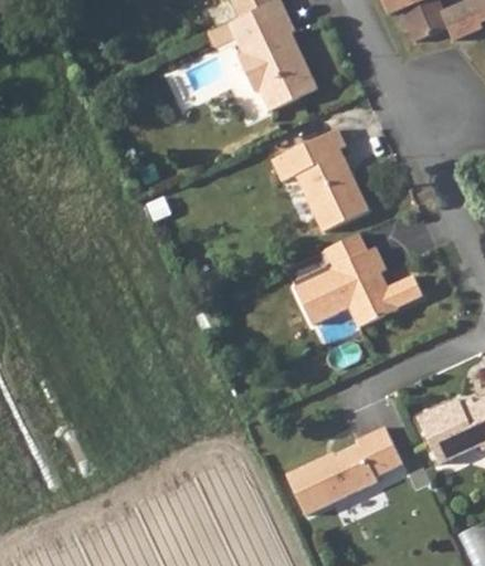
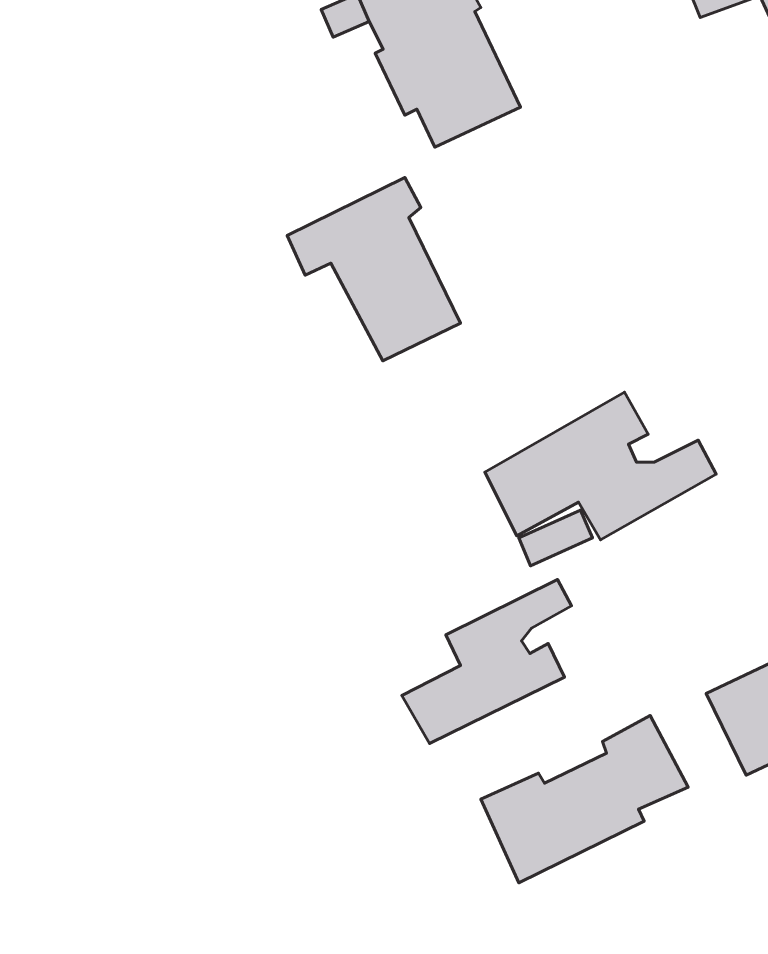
building: [270,127,366,229] -> [287,178,461,361]
building: none -> [402,580,572,744]

